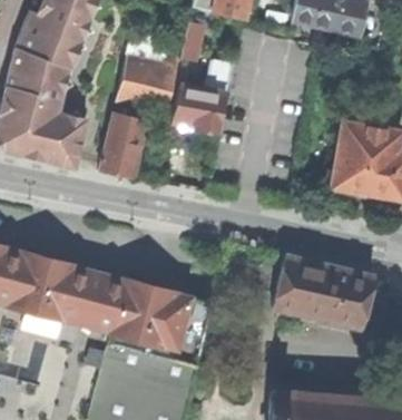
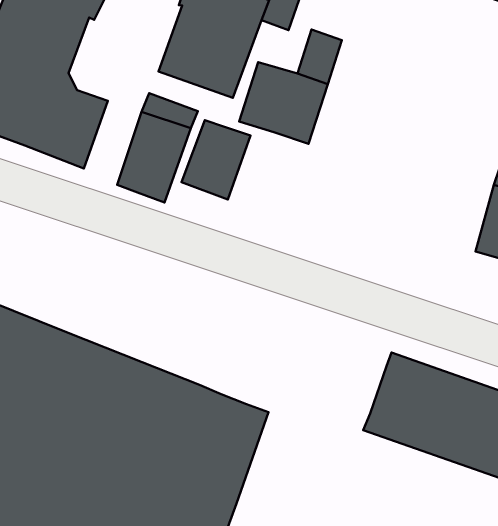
building: none -> [182,120,250,199]

